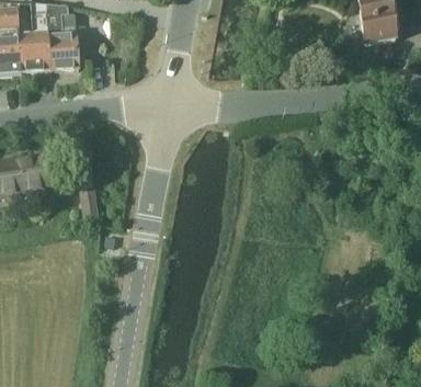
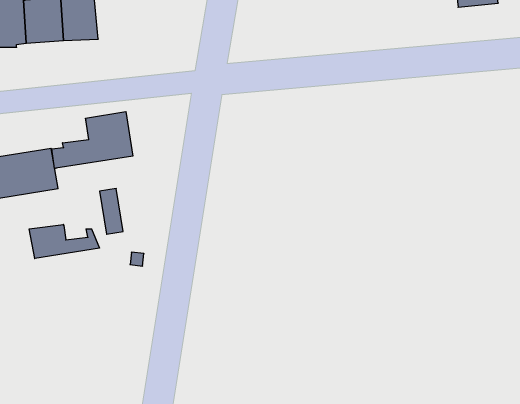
building: none -> [52,112,133,169]
building: none -> [29,224,99,259]

